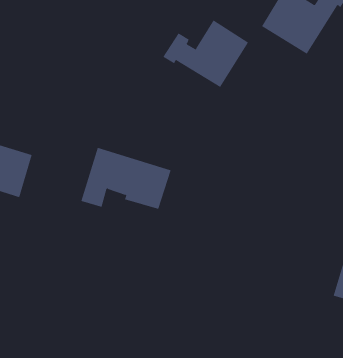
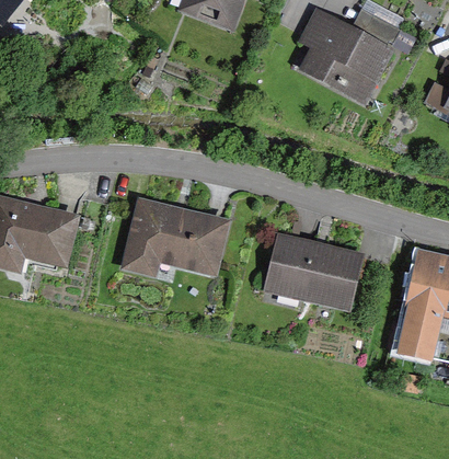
building: [163,20,249,88] -> none
building: none -> [275,236,355,303]

